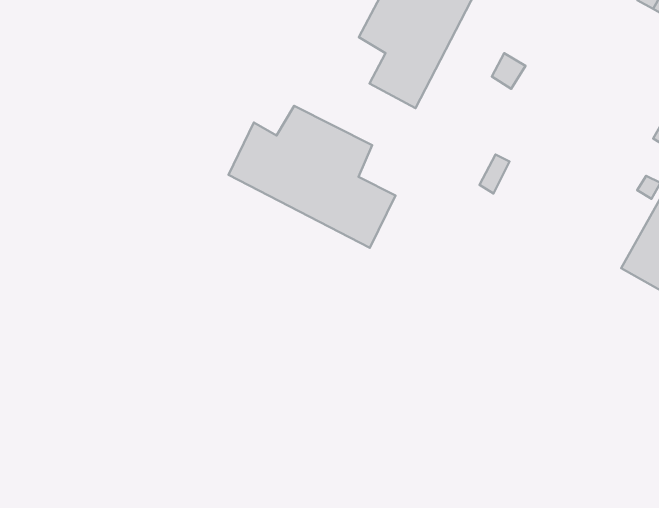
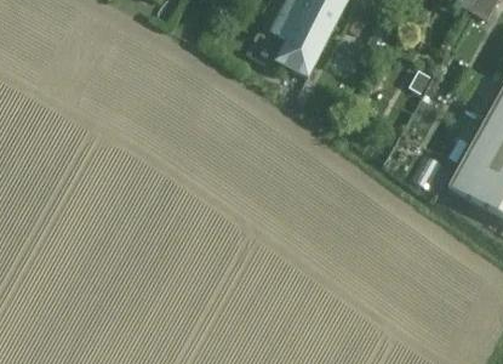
building: [228,106,395,248] -> none

